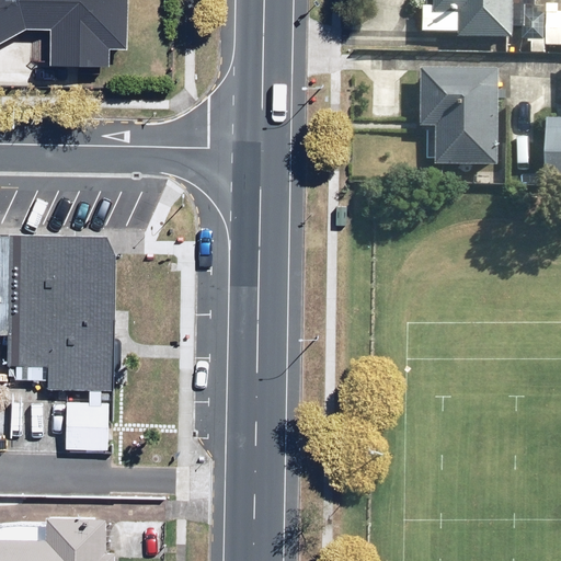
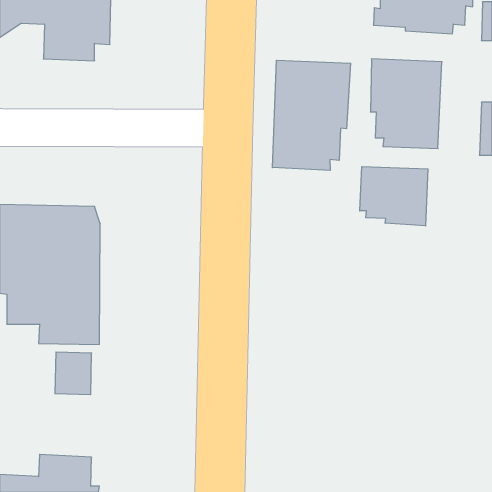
building: none -> [272,60,351,170]
building: none -> [360,167,428,226]

